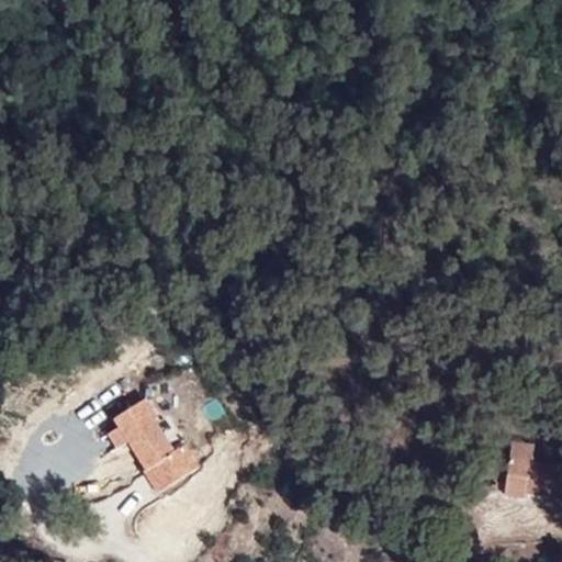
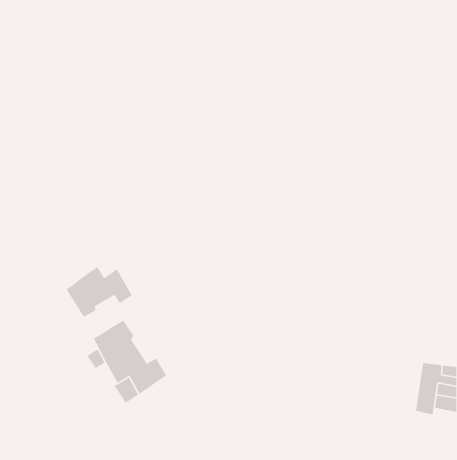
building: none -> [66,266,133,318]

